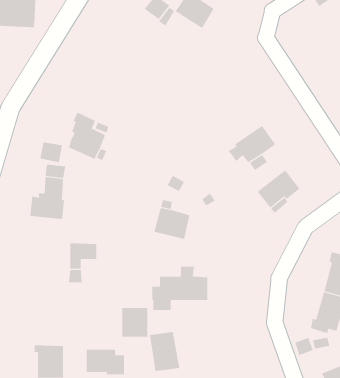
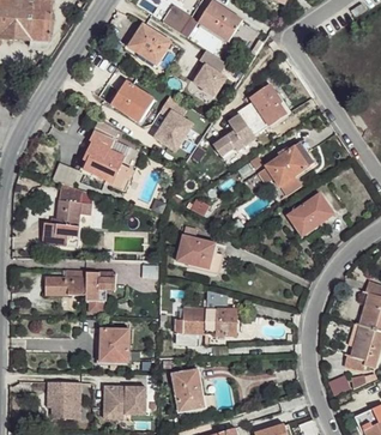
building: none -> [128,24,171,65]
building: none -> [194,49,228,95]
building: none -> [110,81,152,121]
building: none -> [212,83,285,161]
building: none -> [158,93,192,145]
building: none -> [43,276,85,295]
building: [122,307,148,337] -> [101,327,129,360]

